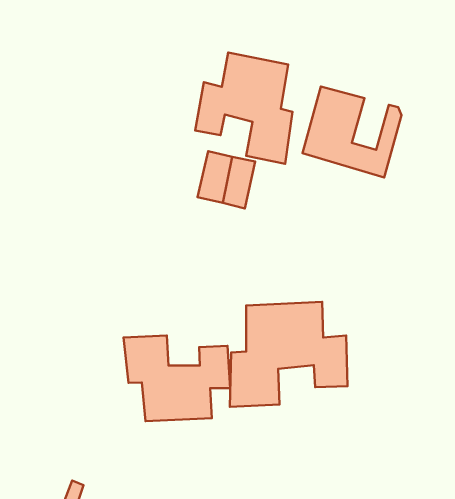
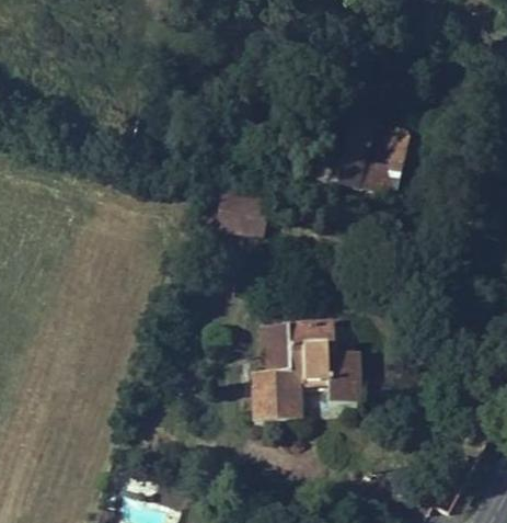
building: [195,53,293,164] -> none
building: [123,335,230,421] -> none

